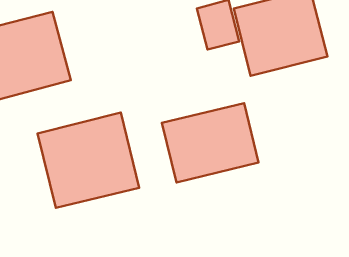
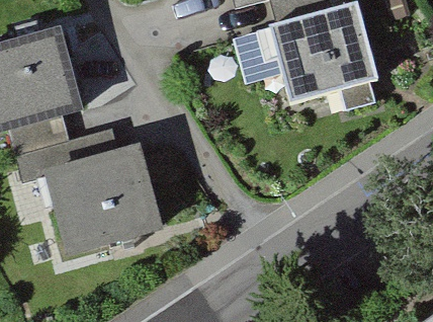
building: [162,103,258,183] -> none

